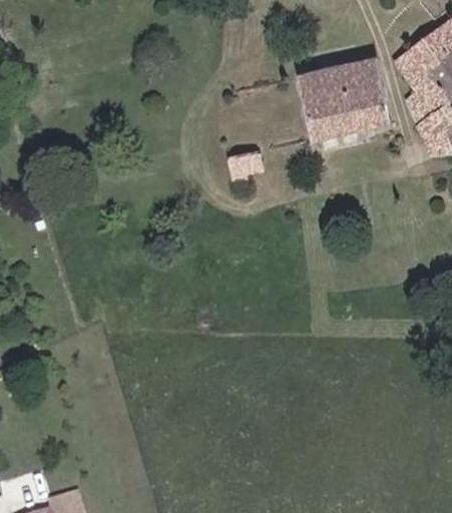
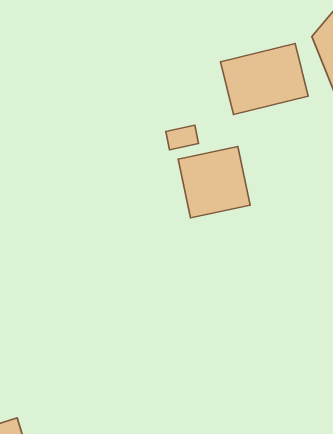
building: none -> [178,147,250,218]

